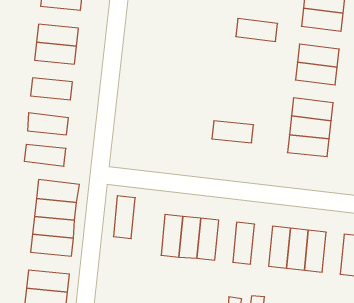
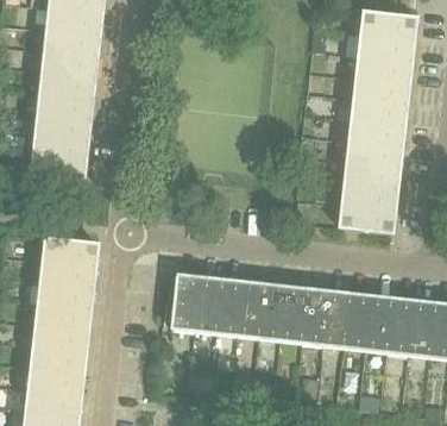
building: none -> [48,30,97,56]
building: [236,19,278,41] -> [359,54,409,81]
building: none -> [40,94,90,120]
building: none -> [352,118,402,145]
building: [212,121,254,143] -> [342,205,392,231]
building: [24,144,66,166] -> [36,137,86,163]
building: [113,196,135,239] -> [172,276,199,327]
building: none -> [258,286,284,336]
building: none -> [301,290,327,340]
building: none -> [386,300,413,350]
building: none -> [36,324,87,350]

